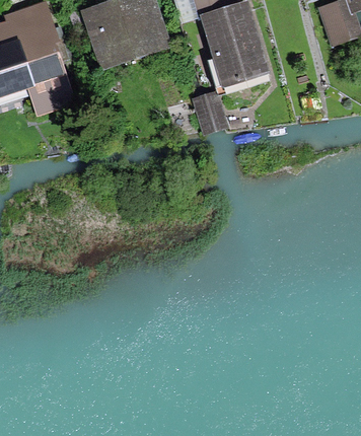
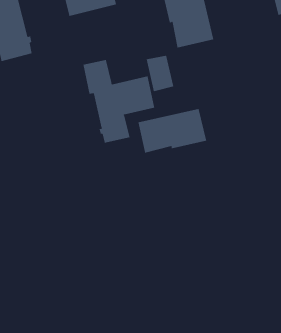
building: none -> [83,59,155,144]
building: none -> [138,108,207,154]

